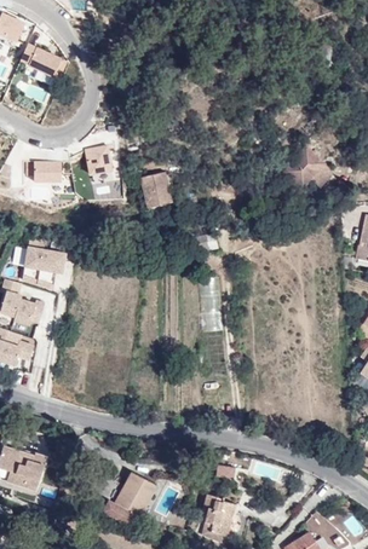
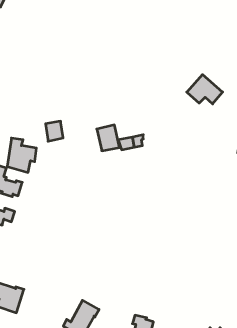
building: [21,45,67,80] -> none
building: [86,146,111,175] -> [46,121,63,141]
building: [27,162,62,181] -> none
building: [142,171,174,208] -> [97,125,119,151]

